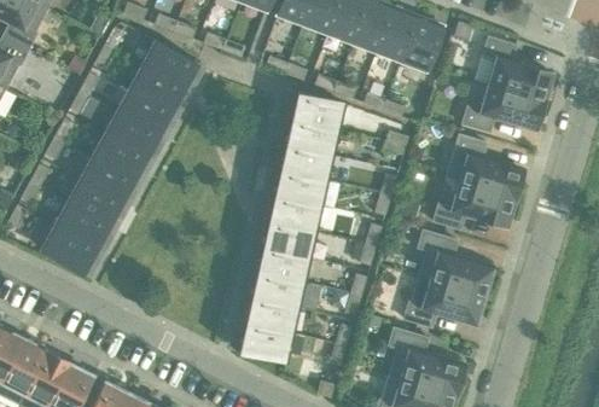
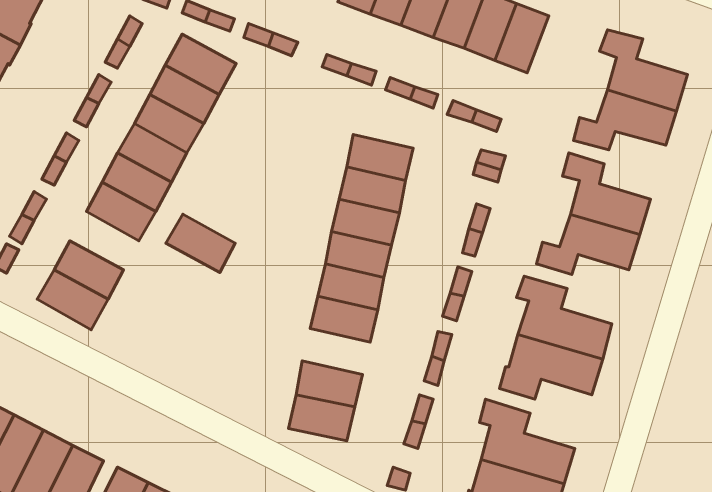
building: [289,93,342,130] -> none
building: [66,180,121,226] -> [166,214,235,273]
building: [249,272,302,308] -> none

